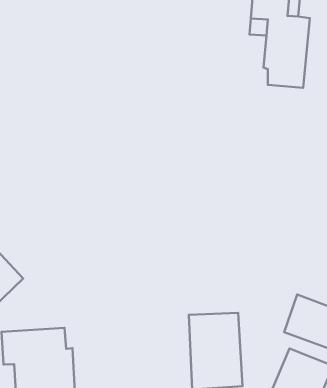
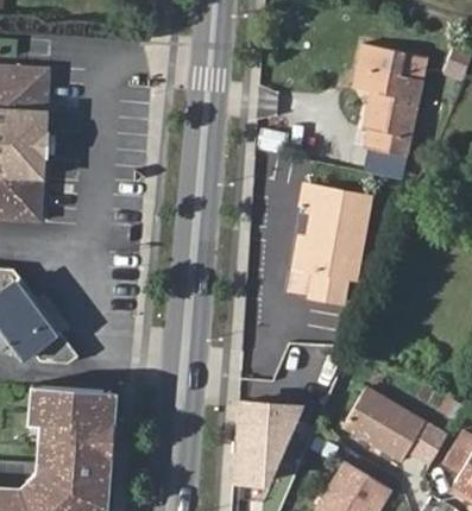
building: none -> [287,185,369,301]

